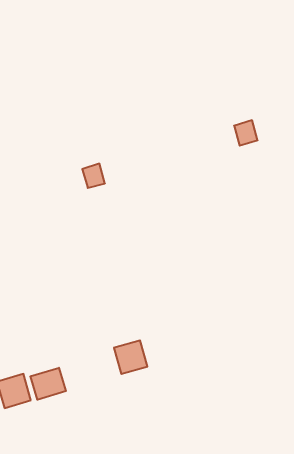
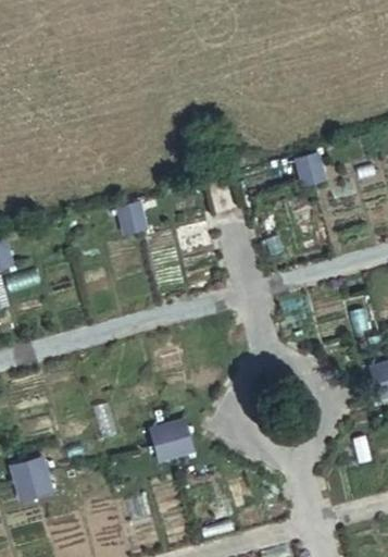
building: [30,368,66,400] -> none

